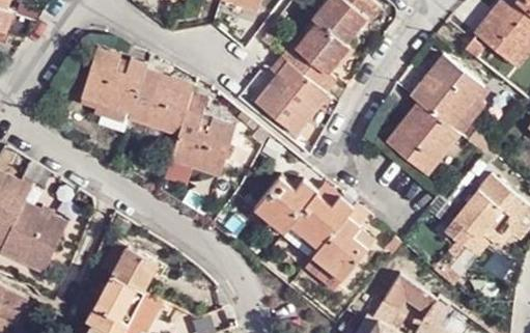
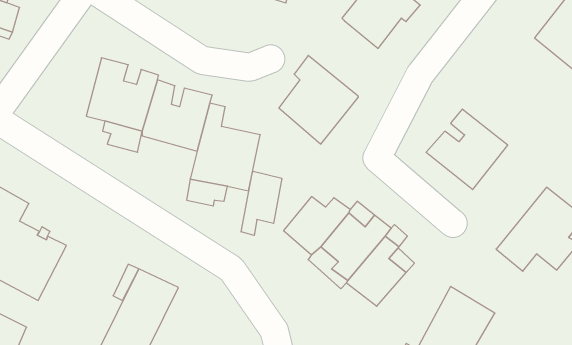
building: [278,24,343,91] -> none
building: [408,54,484,131] -> none
building: none -> [241,171,282,235]

